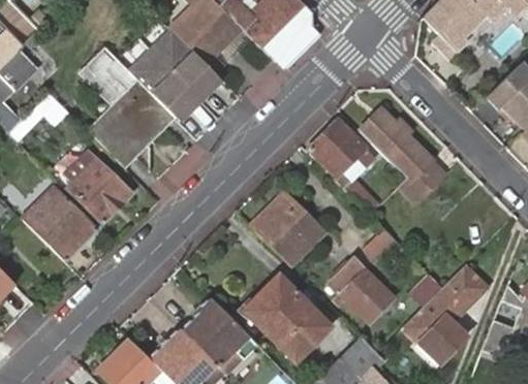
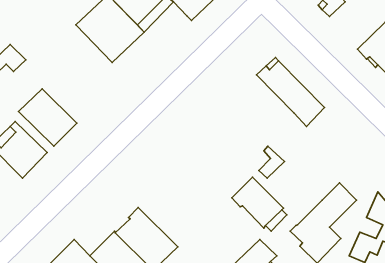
building: [83,43,183,170] -> none
building: [311,121,376,188] -> none
building: [252,191,322,261] -> none
building: [249,278,329,358] -> none

